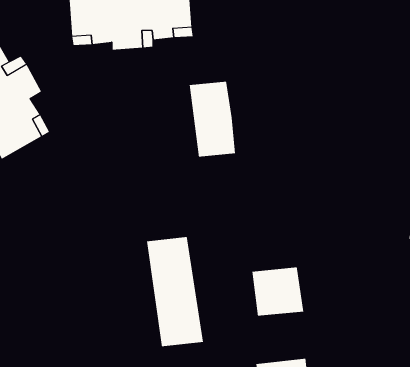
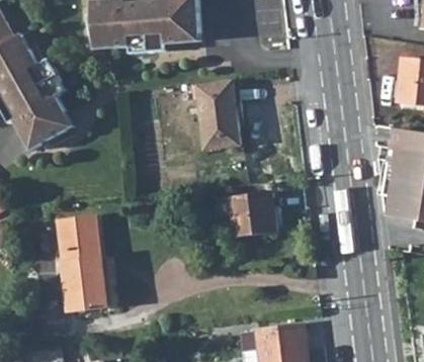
building: [146,237,204,347] -> [56,214,106,311]
building: [251,267,304,316] -> [231,191,277,235]

